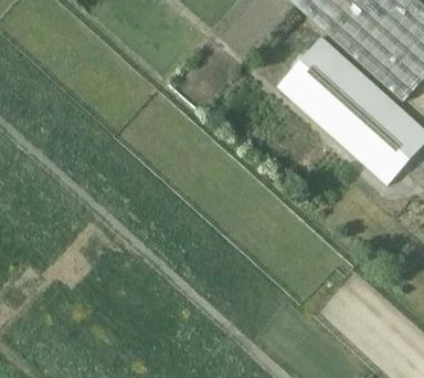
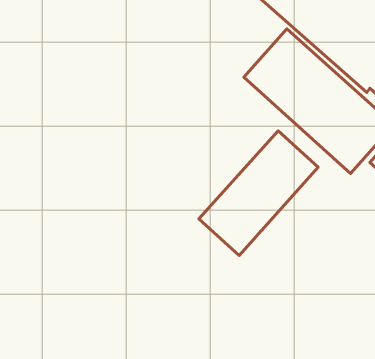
building: none -> [199,131,318,255]

